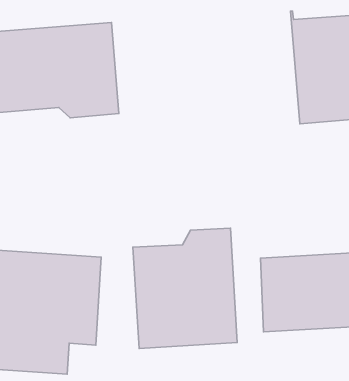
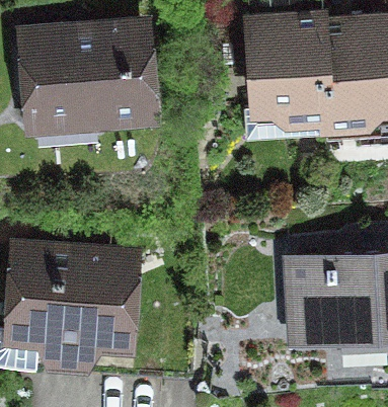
building: none -> [248,15,326,126]
building: [133,228,237,348] -> none

